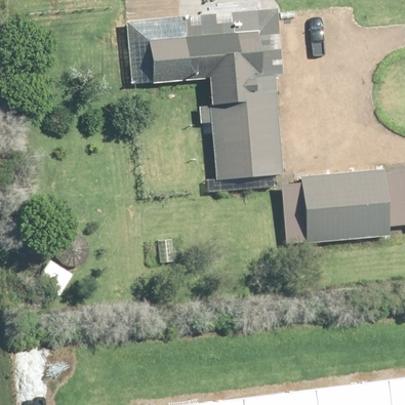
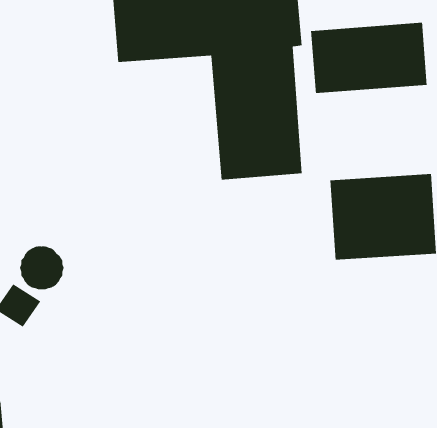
building: none -> [311,22,427,94]

